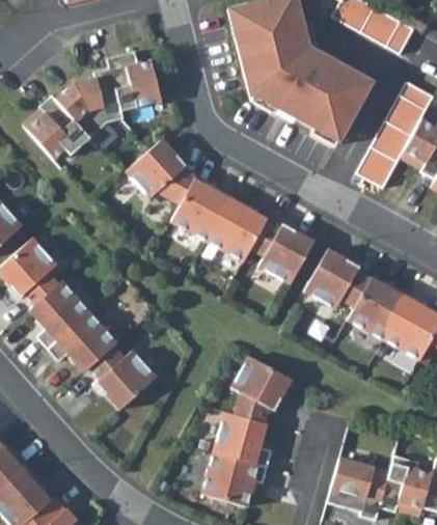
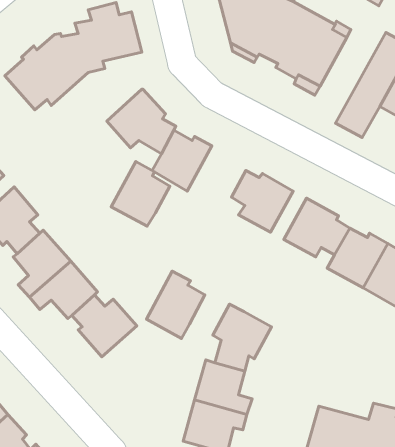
building: [207,195,266,260] -> [111,161,170,226]
building: none -> [146,271,205,339]

